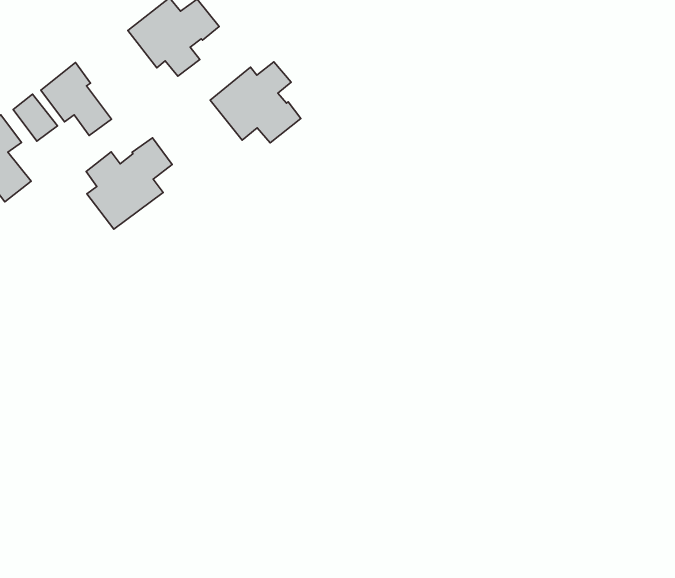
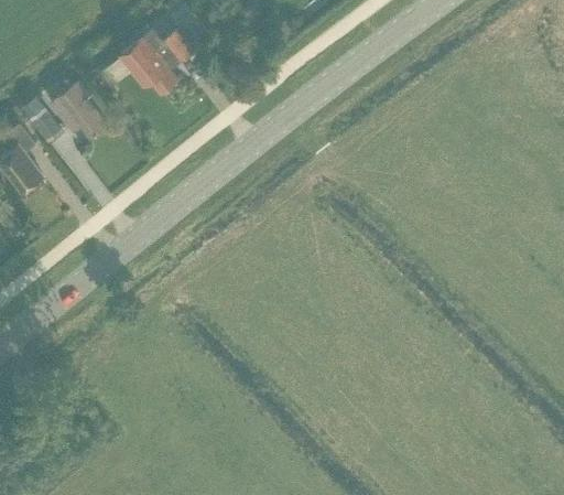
building: [210,62,301,143] -> none
building: [86,138,172,229] -> none

